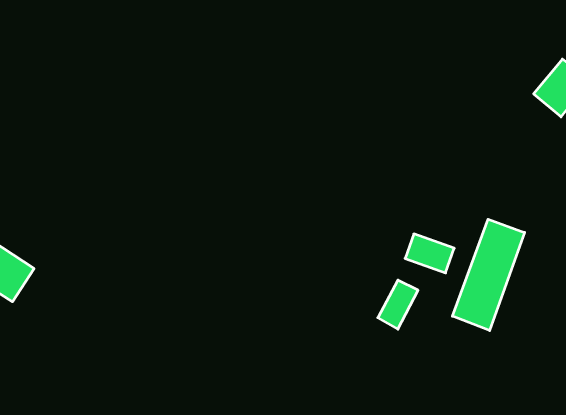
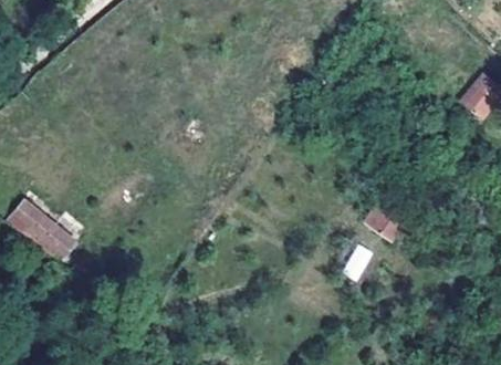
building: [452,219,525,331] -> none

